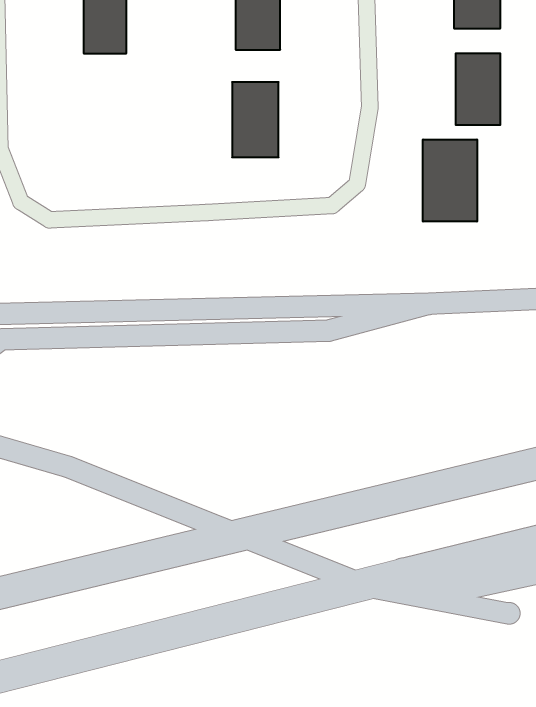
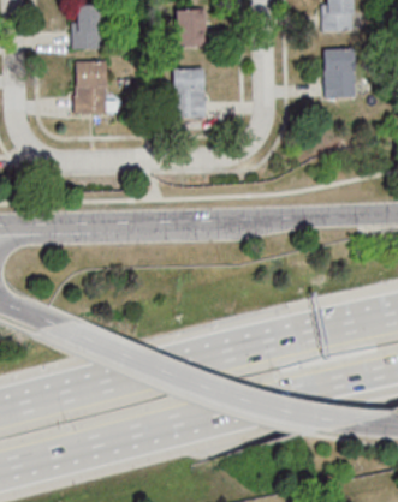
building: none -> [73,61,115,113]
building: [423,139,477,222] -> none

